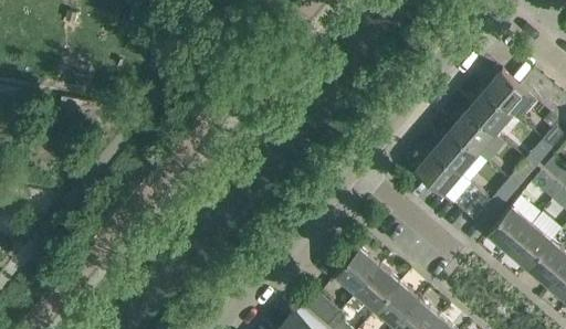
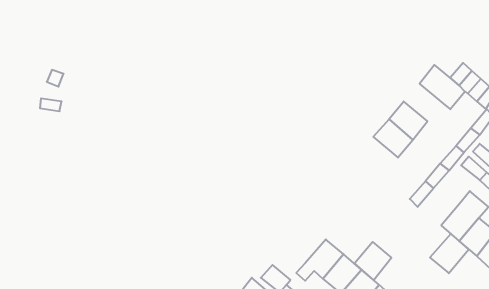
building: [469,96,513,138] -> none
building: [417,156,473,209] -> none
building: [490,211,533,255] -> [430,234,468,273]
building: [337,253,381,297] -> none
building: none -> [354,242,391,280]

